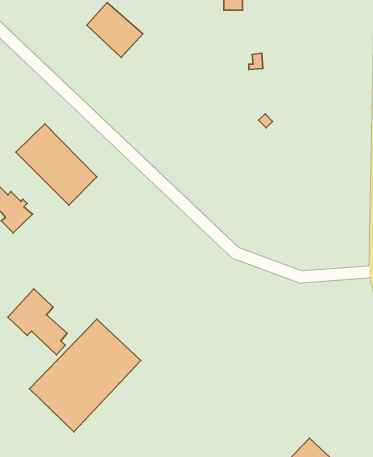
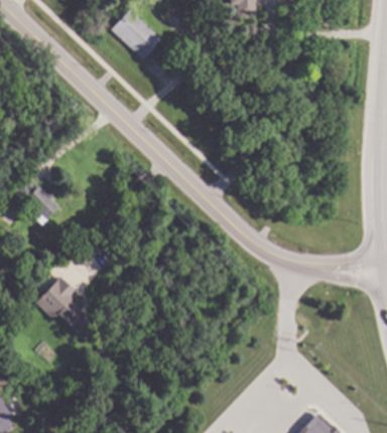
building: [16,124,97,205] -> none
building: [30,319,141,432] -> none

